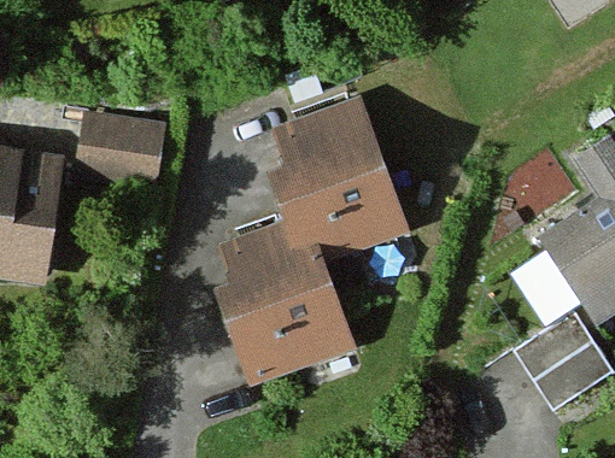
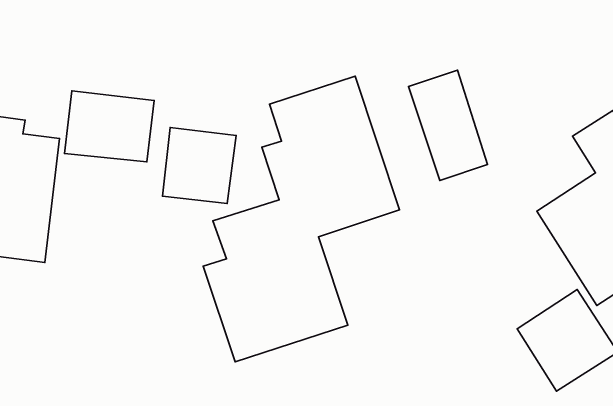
building: none -> [409,70,488,180]
building: none -> [162,128,236,204]

